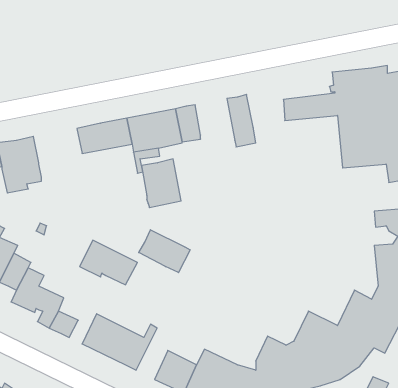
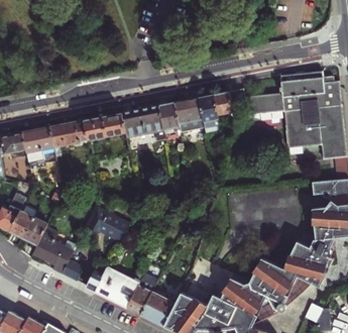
building: none -> [212,91,232,119]
building: none -> [48,120,87,147]
building: [142,159,181,208] -> [172,97,203,134]
building: [139,230,190,273] -> none
building: none -> [127,273,154,313]

